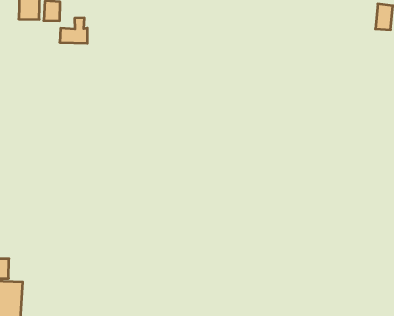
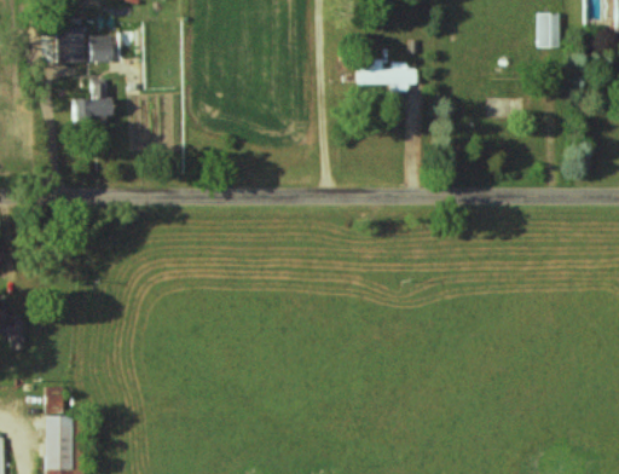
building: [60,18,87,43] -> [73,82,110,117]
building: none -> [357,58,416,91]

